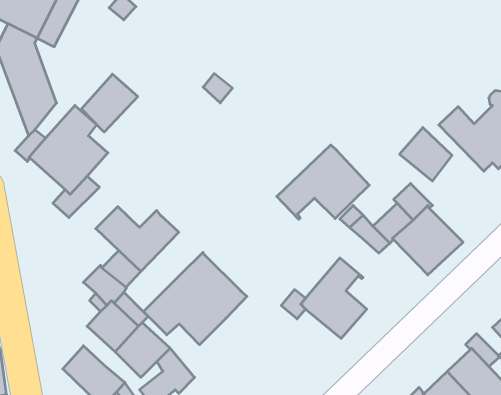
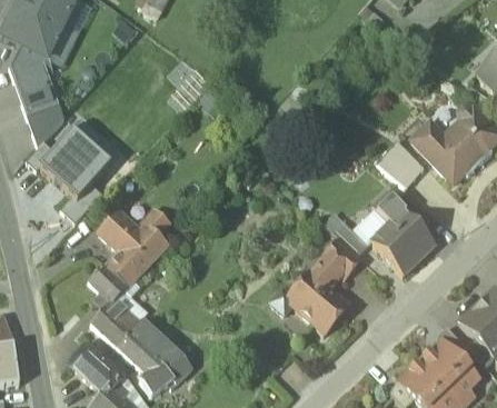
building: [81,74,138,132] -> none
building: [277,145,369,219] -> none
building: none -> [321,238,359,276]
building: [143,252,247,345] -> none

